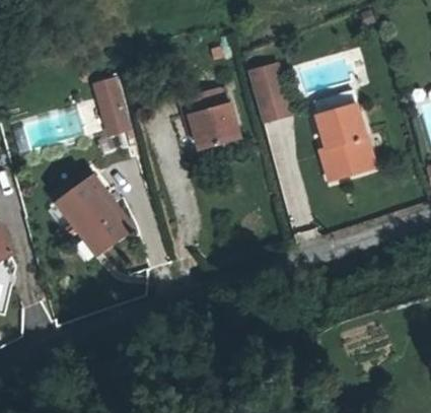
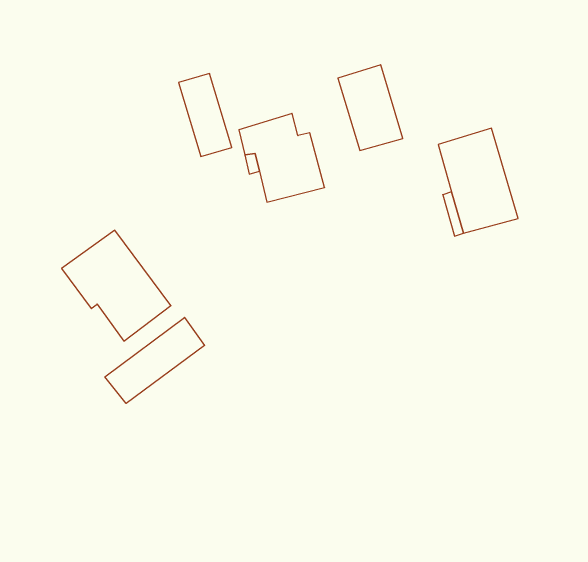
building: [92,76,129,133] -> [179,74,232,156]
building: none -> [105,317,205,403]

